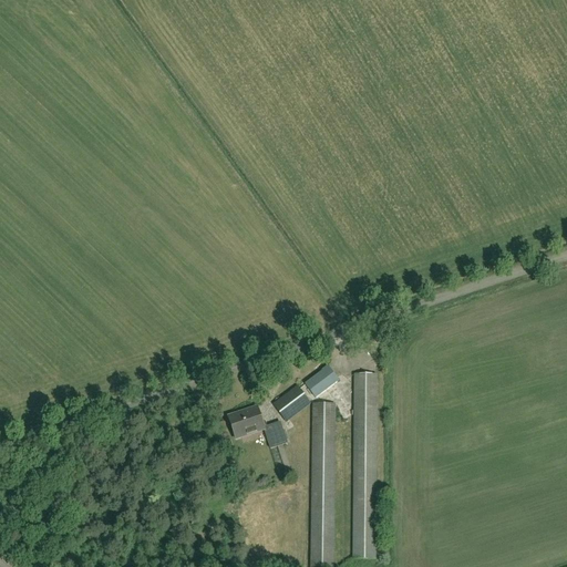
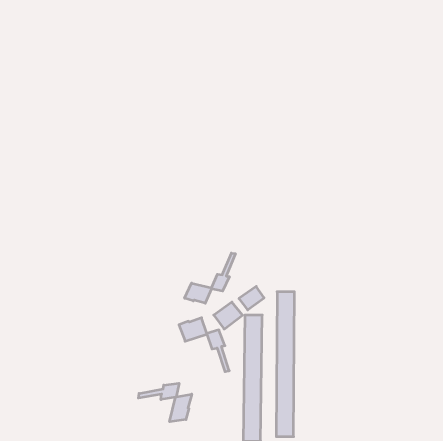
building: none -> [185,253,235,303]
building: none -> [138,383,192,422]

